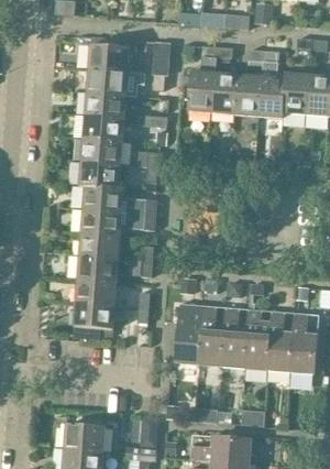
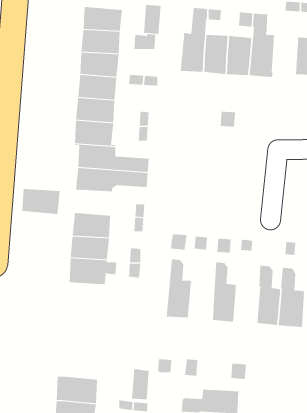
building: [284,75,309,114] -> none
building: [81,232,121,259] -> [22,189,60,214]
building: [198,304,224,366] -> none
building: [244,308,271,369] -> none

